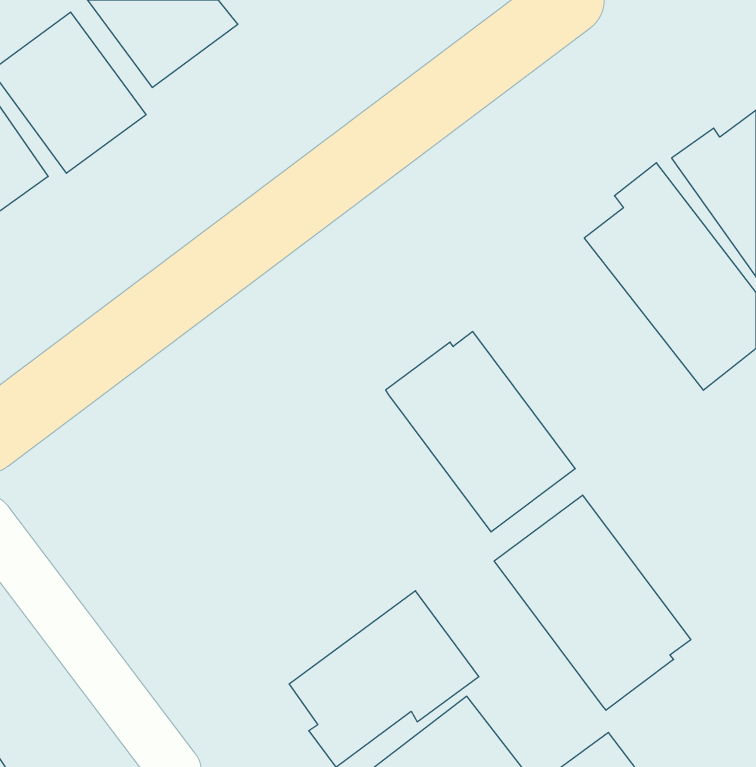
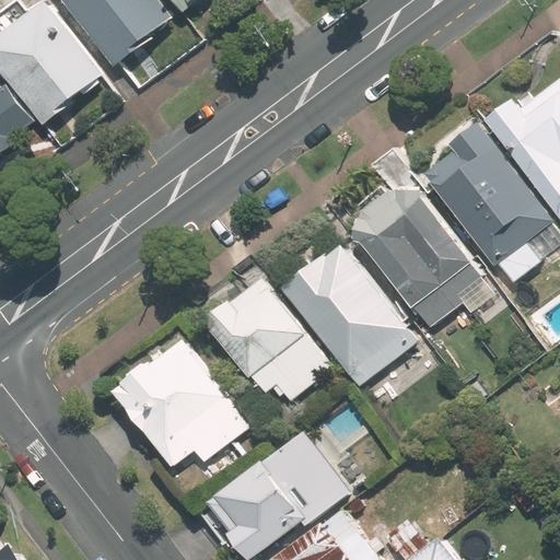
building: none -> [358,187,499,328]
building: none -> [205,277,328,399]
building: none -> [107,335,246,468]
building: [494,495,691,710] -> none

